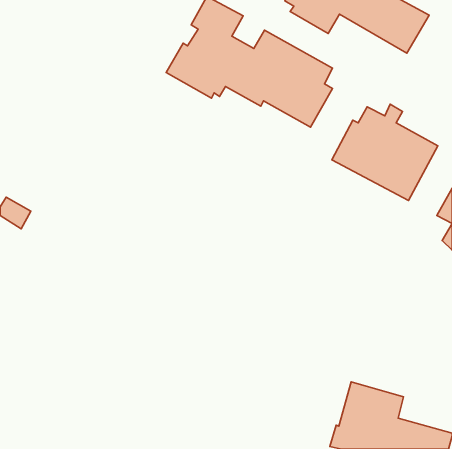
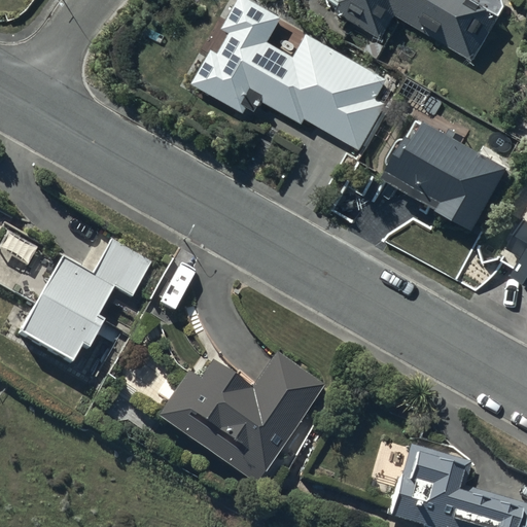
building: none -> [16,238,152,367]
building: none -> [154,350,324,487]

